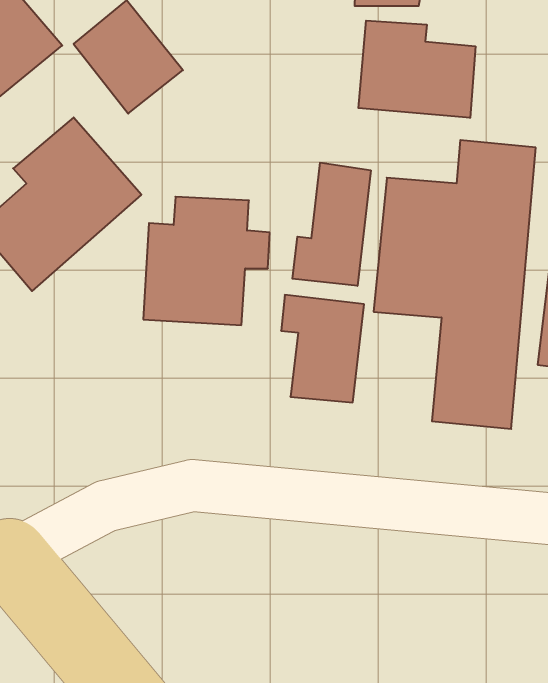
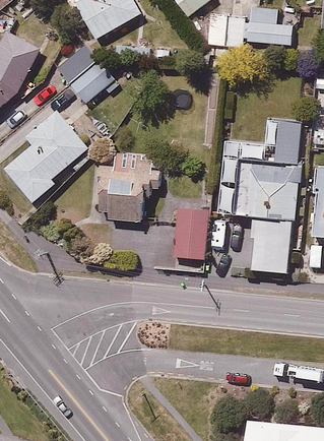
building: [358,21,475,118] -> none
building: [292,163,371,286] -> none

